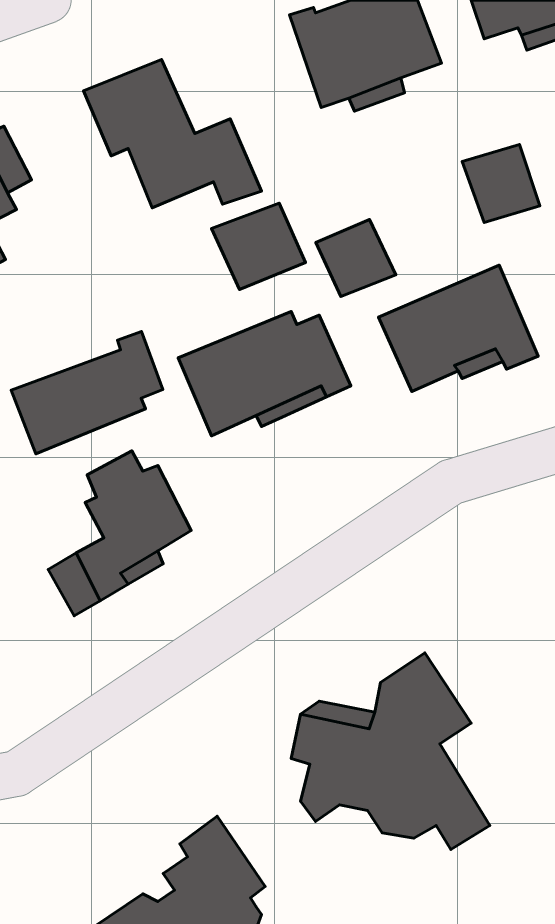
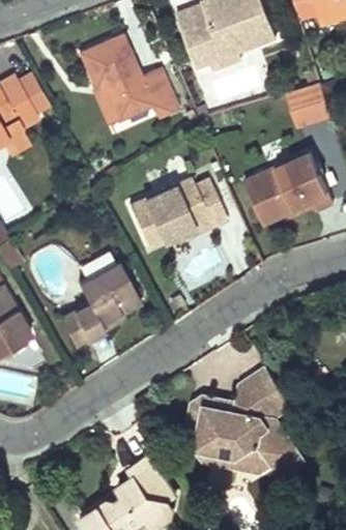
building: [212,203,306,289] -> none
building: [316,220,396,297] -> none
building: [11,331,163,454] -> none

